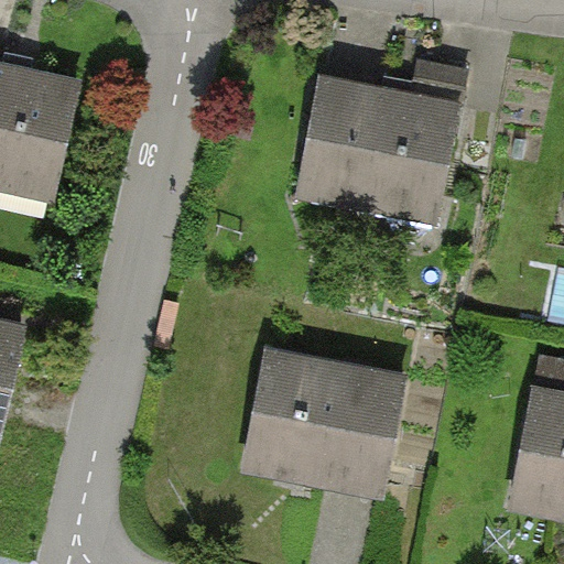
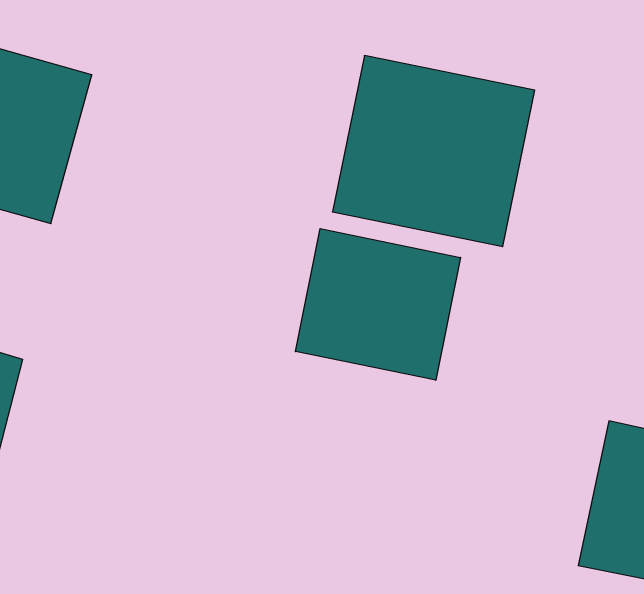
building: none -> [295,229,461,380]
building: [237,346,408,499] -> none

